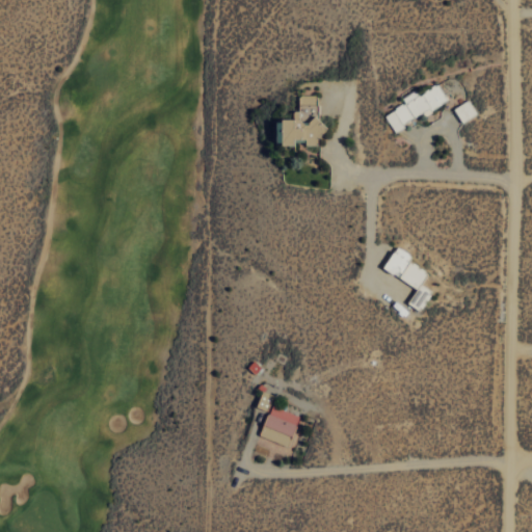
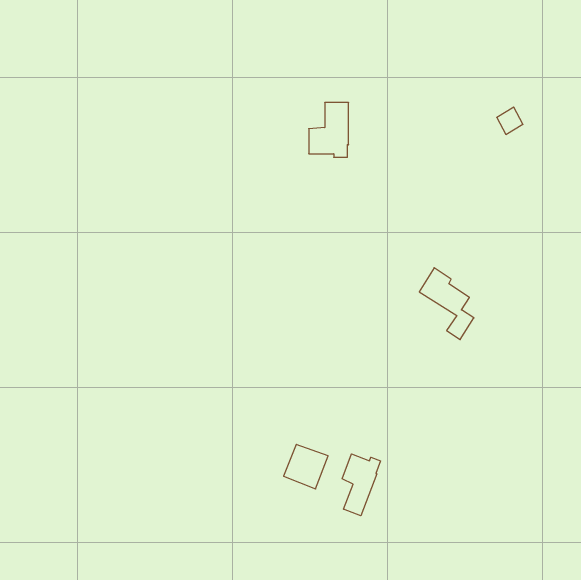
building: [384,84,449,133] -> none
building: none -> [342,454,381,516]

